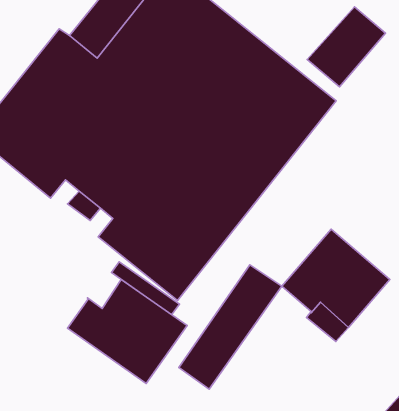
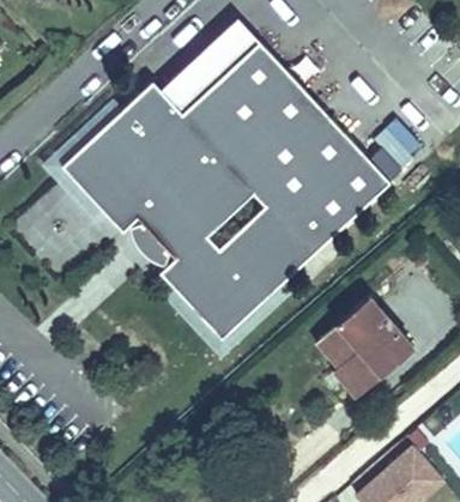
building: [179,265,282,389] -> none
building: [68,279,187,383] -> none

